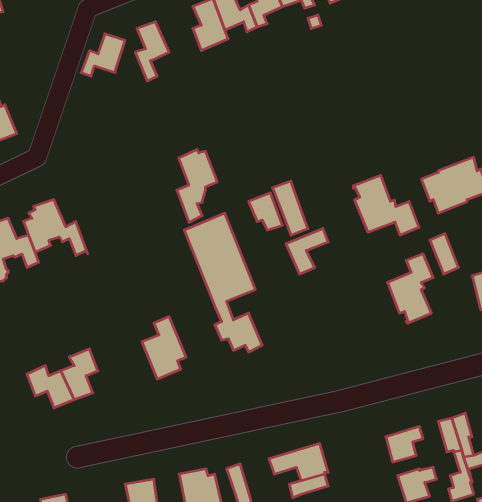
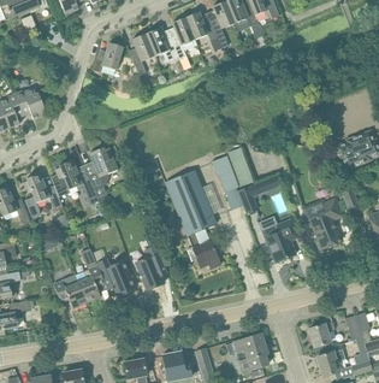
building: none -> [144,26,177,61]
building: [177,150,217,222] -> [88,146,117,198]
building: [353,175,419,235] -> none
building: none -> [261,217,298,260]
building: none -> [95,254,132,290]

